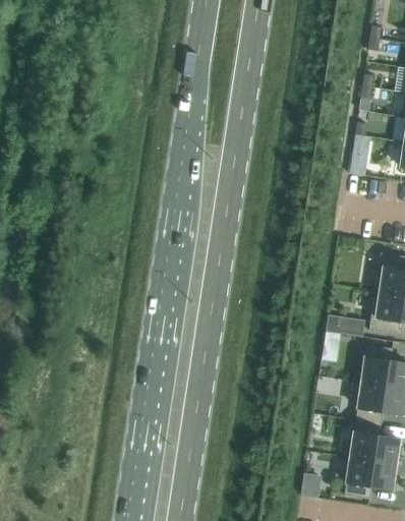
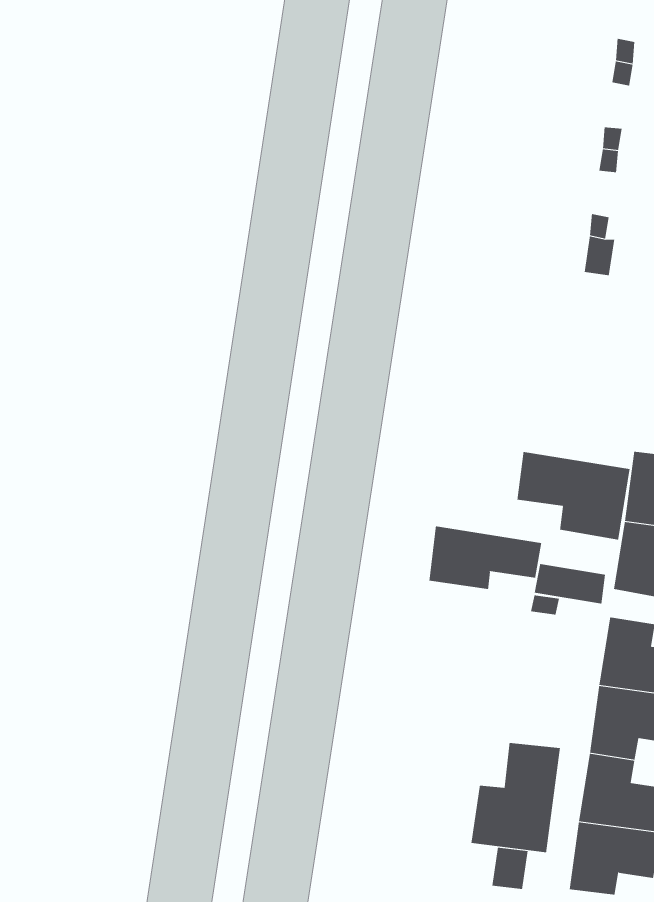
building: none -> [517,451,630,540]
building: none -> [429,525,542,590]
building: none -> [471,742,561,853]

